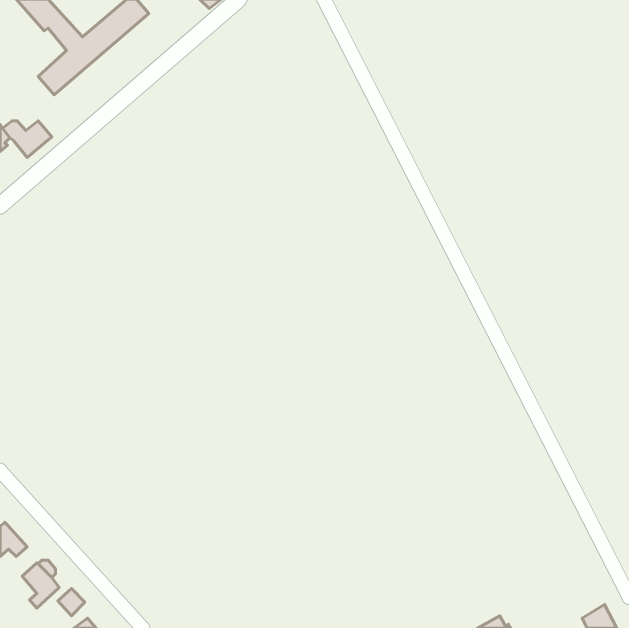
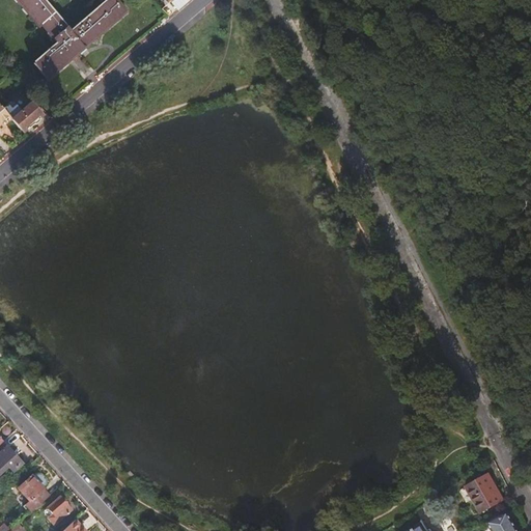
building: none -> [467,473,502,510]

